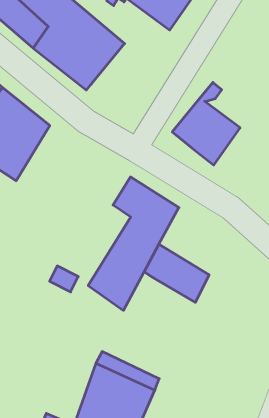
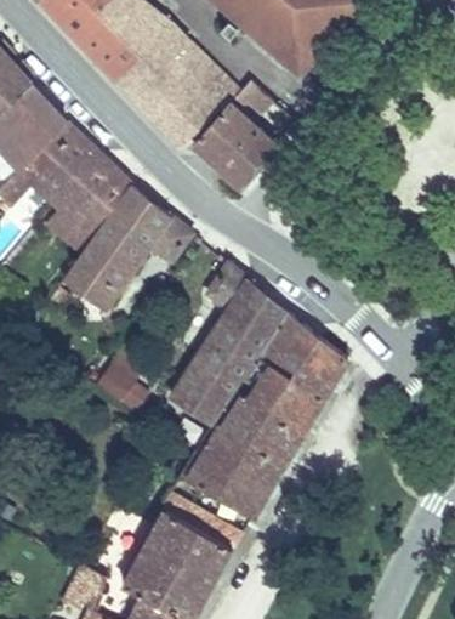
building: [172,82,240,165] -> [189,75,280,186]
building: none -> [61,186,192,311]
building: none -> [258,312,349,405]
building: none -> [192,402,300,523]

